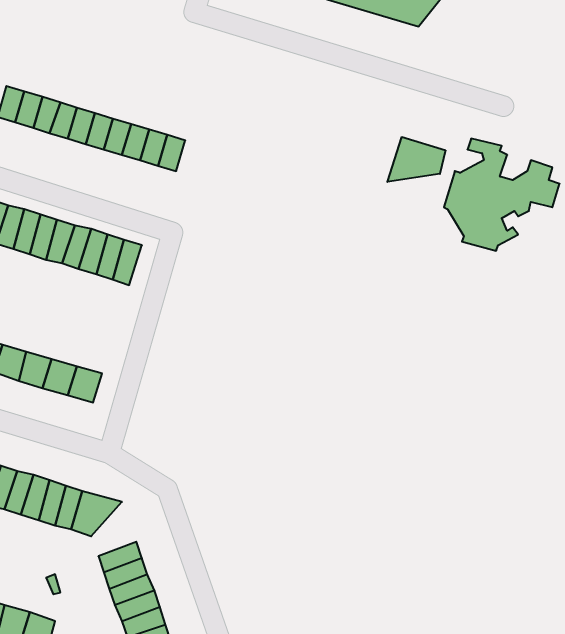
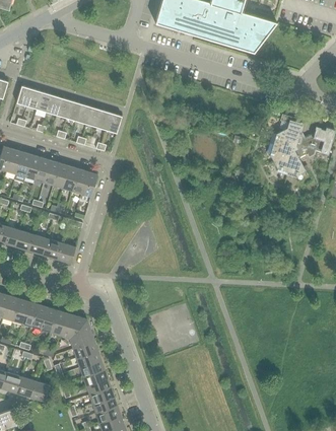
building: [387,137,445,182] -> none
building: none -> [69,318,94,349]

